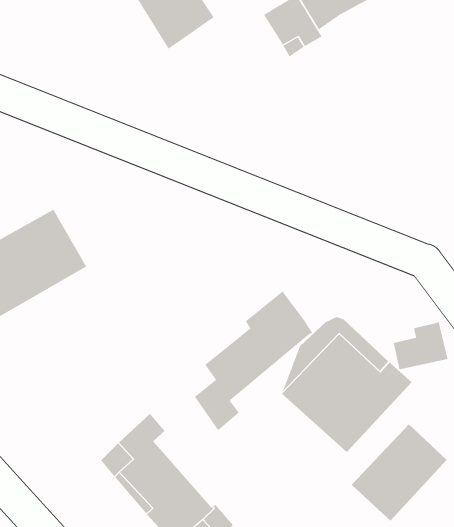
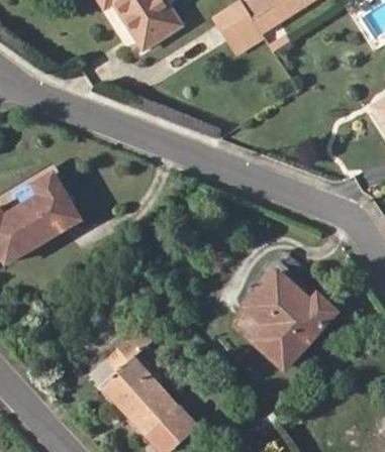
building: [194,290,313,431] -> none
building: [393,322,448,370] -> none
building: [351,423,447,522] -> none

